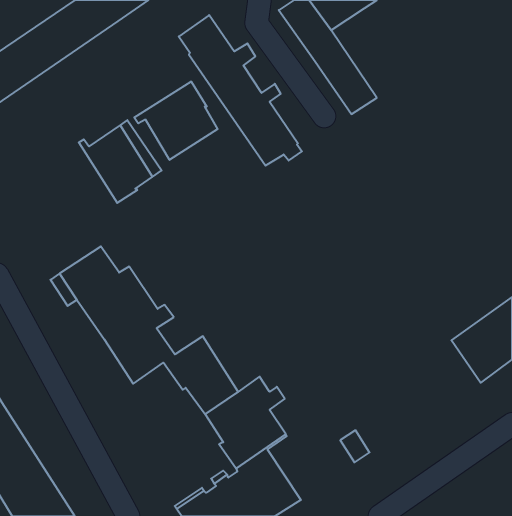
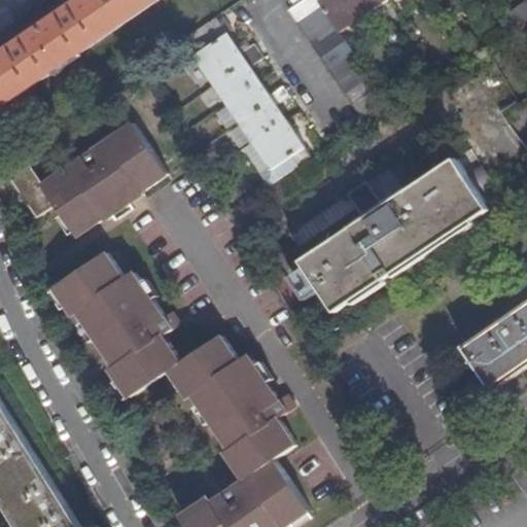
building: [134,81,218,160] -> none
building: none -> [5,139,119,237]
building: none -> [285,160,488,313]
building: none -> [207,336,265,399]

